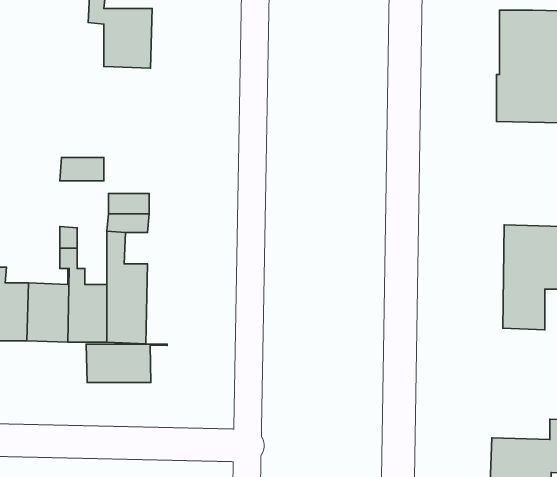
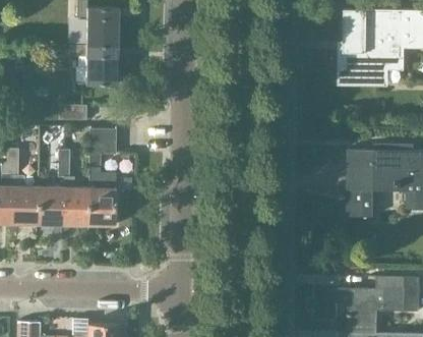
building: none -> [68,46,117,86]
building: [86,344,167,383] -> none

